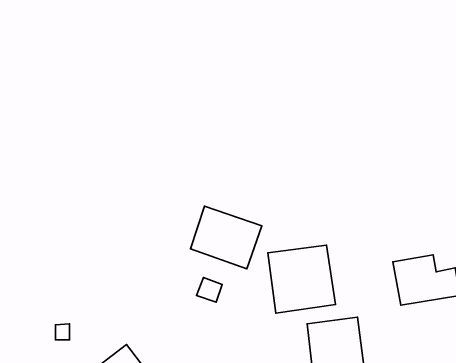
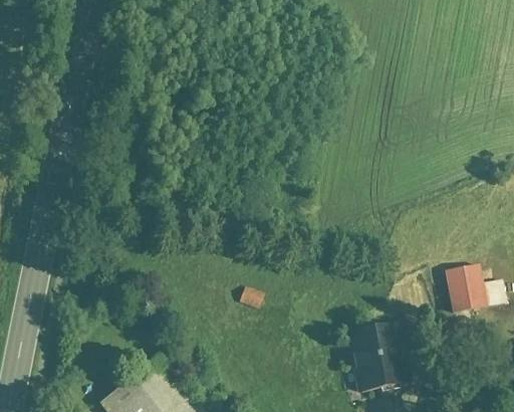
building: [191,206,262,269] -> none
building: [268,245,335,313] -> none

